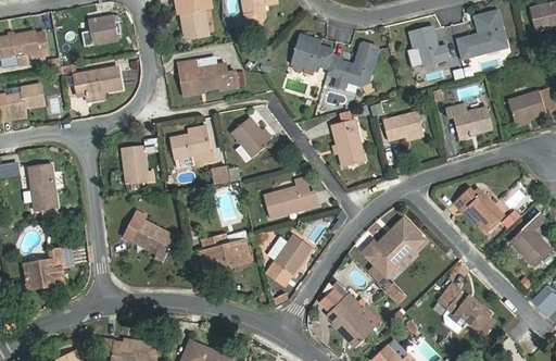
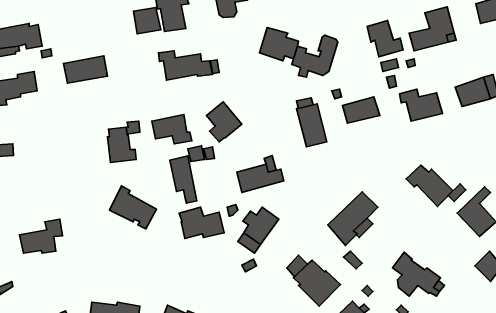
building: [88,15,118,45] -> [133,7,161,34]
building: [27,163,58,210] -> none
building: none -> [170,156,197,203]

